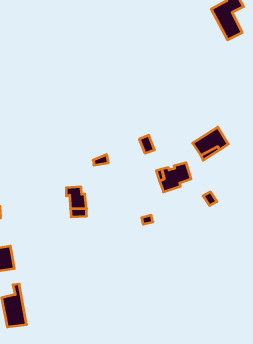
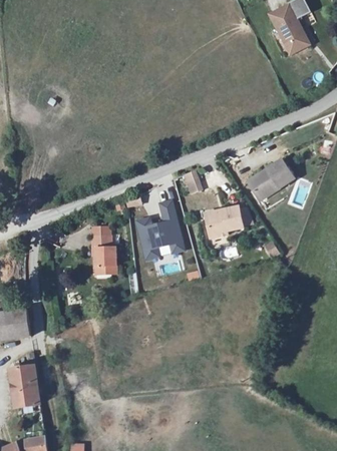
building: none -> [134,196,181,255]

